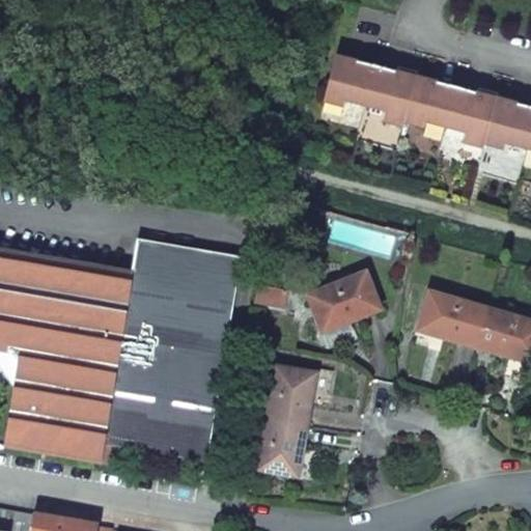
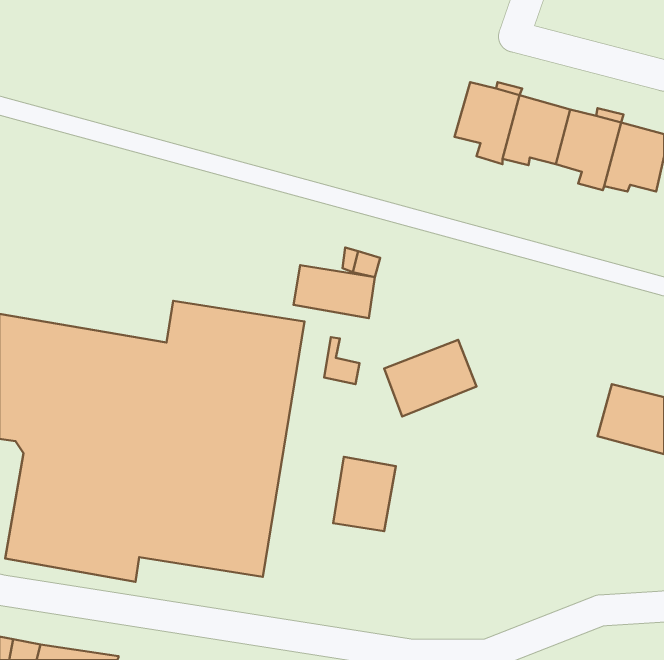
building: [320,55,374,109] -> none
building: none -> [294,265,375,318]
building: [417,289,487,347] -> none
building: [256,417,306,475] -> none

